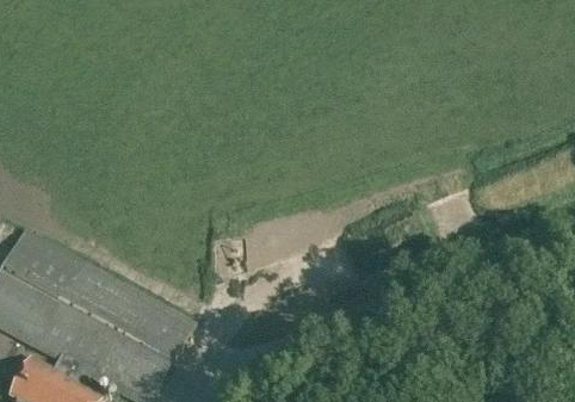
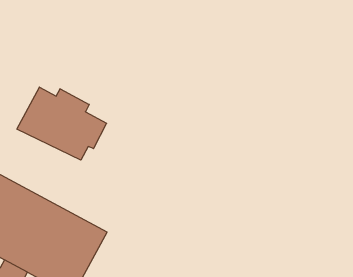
building: none -> [17,87,107,160]

